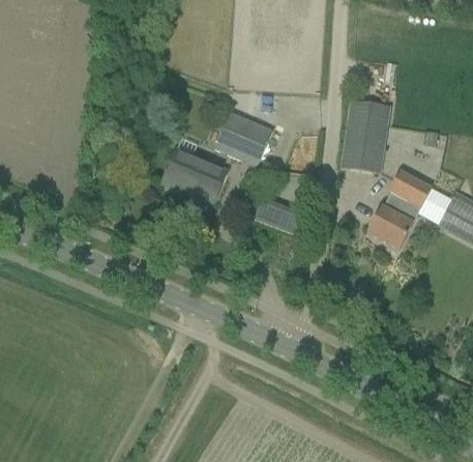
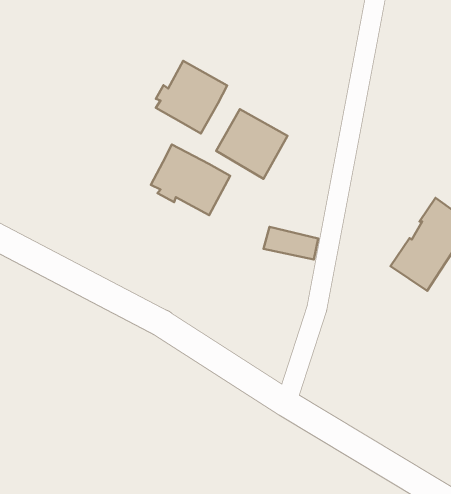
building: none -> [156,61,227,134]
building: [341,99,389,172] -> none

